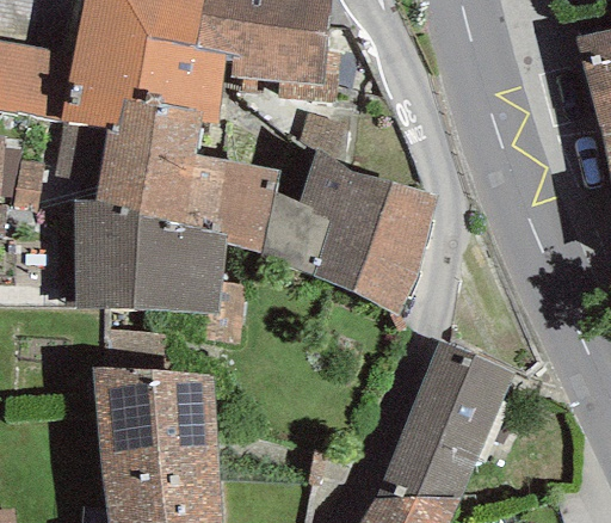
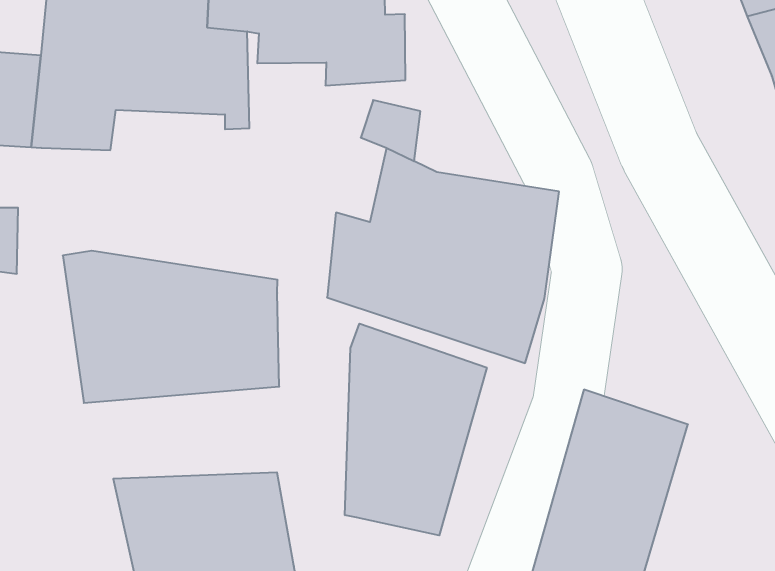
building: [55,99,279,252] -> none
building: none -> [345,324,487,535]

